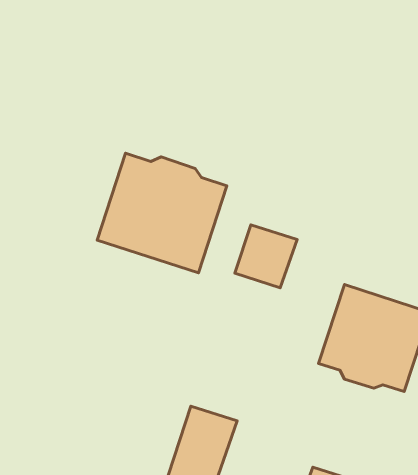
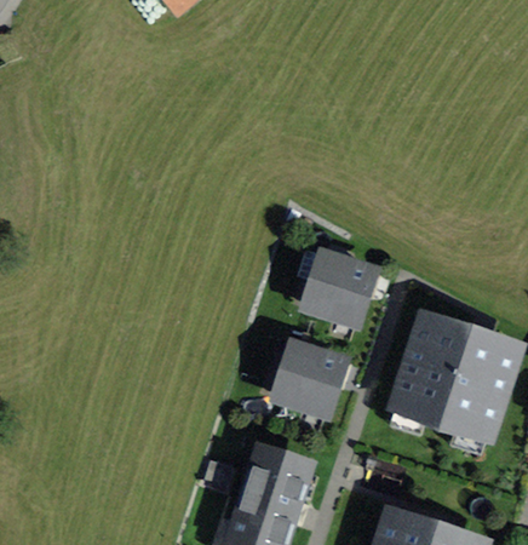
building: [97,153,227,273] -> none
building: none -> [272,346,339,414]

